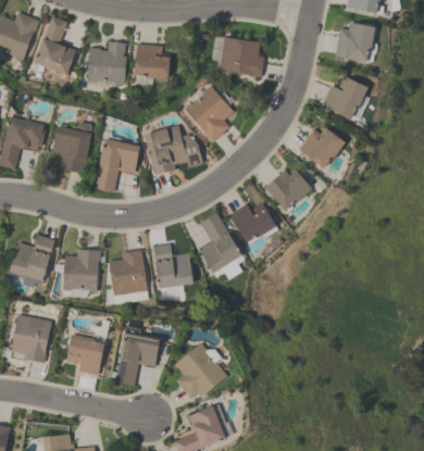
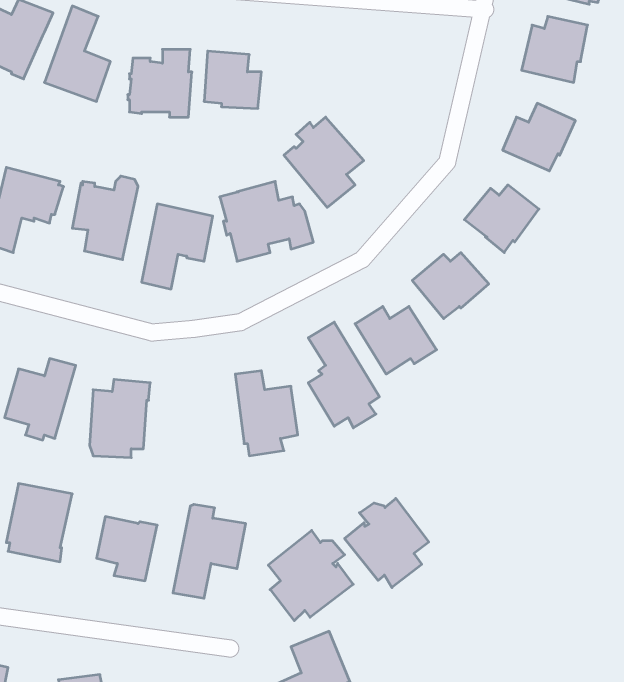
building: [220,37,263,76] -> none
building: [108,250,147,297] -> none
building: none -> [345,498,429,588]

